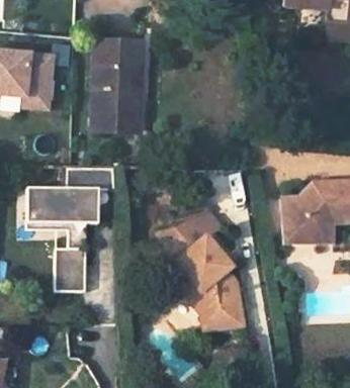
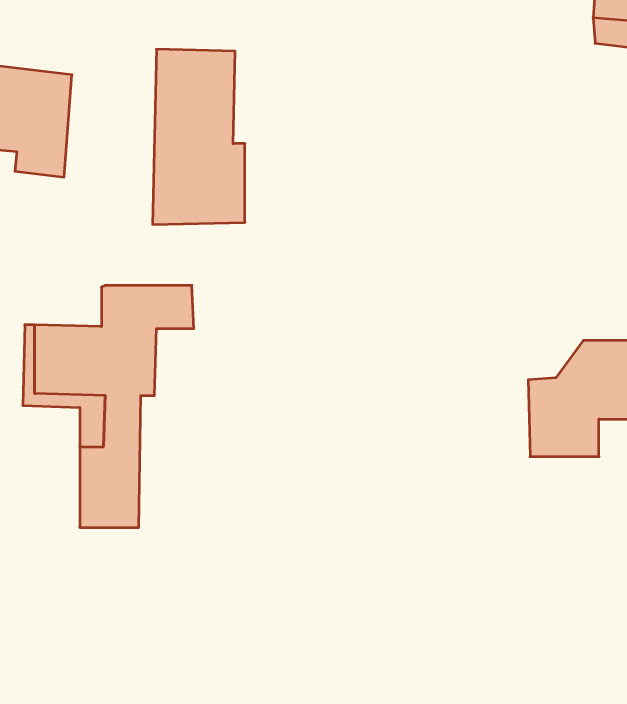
building: [154,198,237,324] -> none

